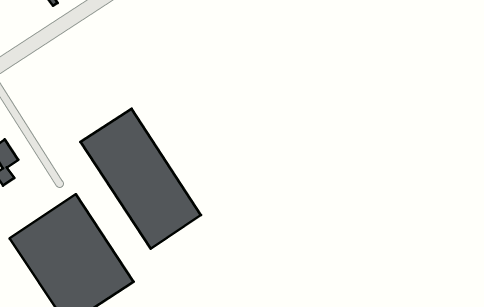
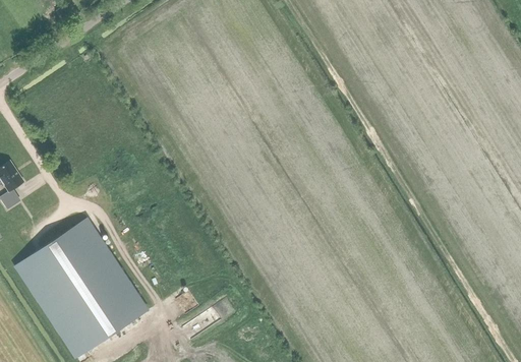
building: [80,109,201,249] -> none

